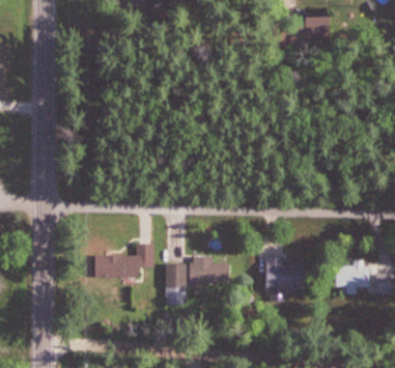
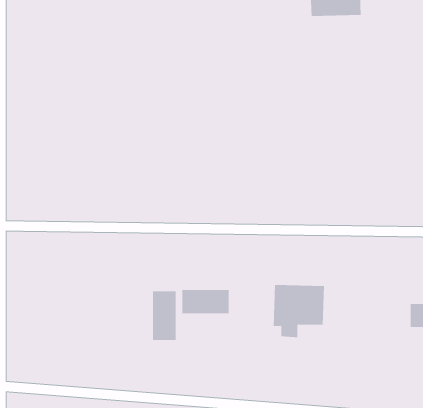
building: [94,244,153,278] -> none
building: [336,264,370,288] -> none

